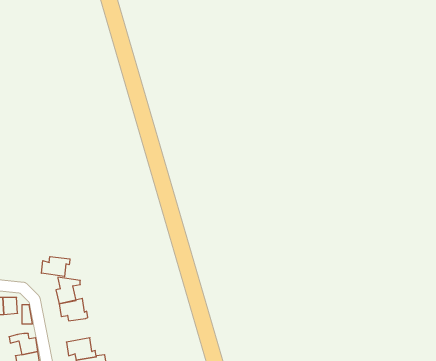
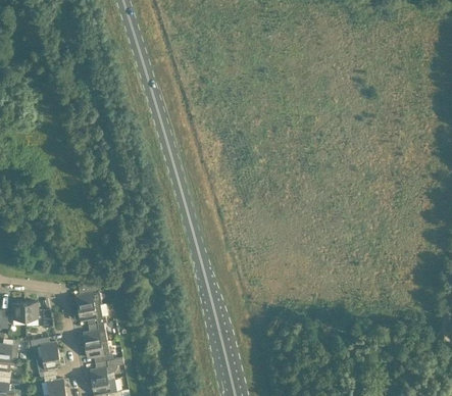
building: [41,257,70,277] -> none
building: none -> [82,324,107,346]

